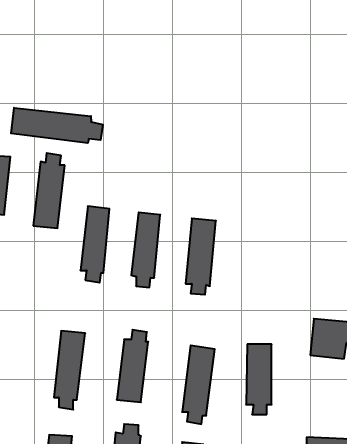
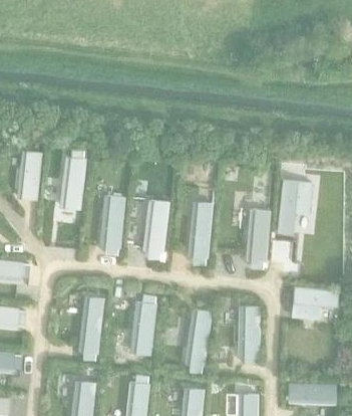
building: [11,108,103,143] -> none
building: none -> [276,180,313,234]
building: none -> [245,210,270,270]

